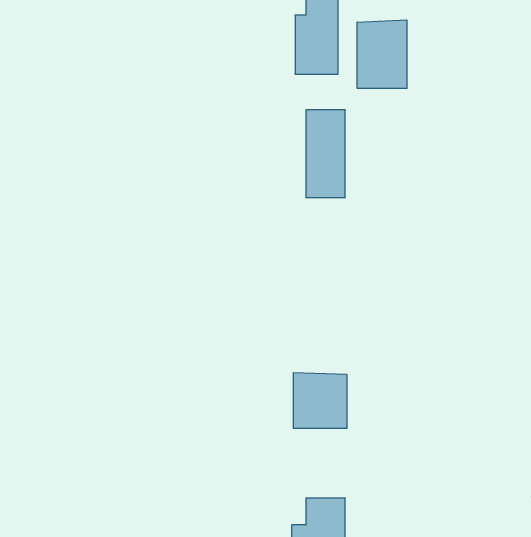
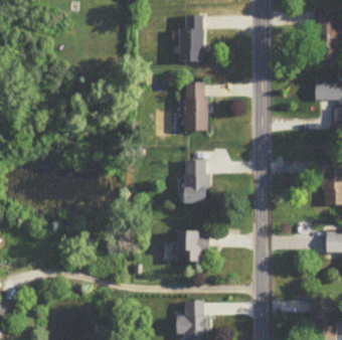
building: [357,20,407,88] -> none
building: none -> [185,160,207,202]

